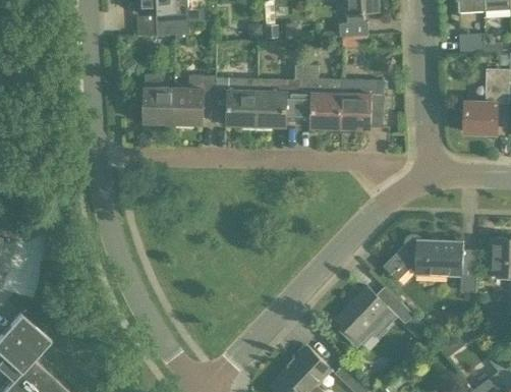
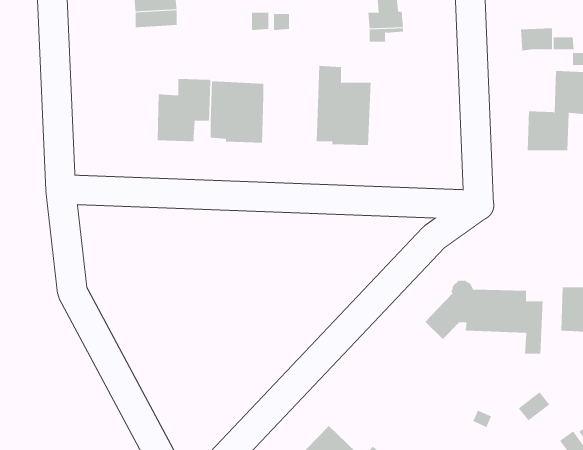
building: [257,65,300,127] -> none
building: [144,74,174,124] -> none
building: [340,78,384,129] -> none
building: [335,286,414,340] -> none

